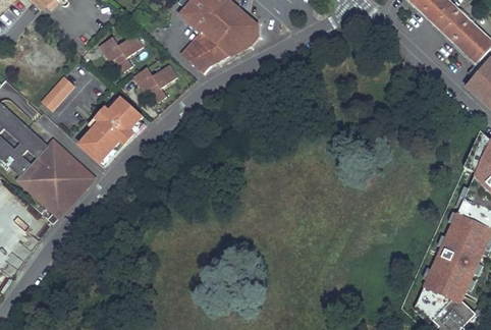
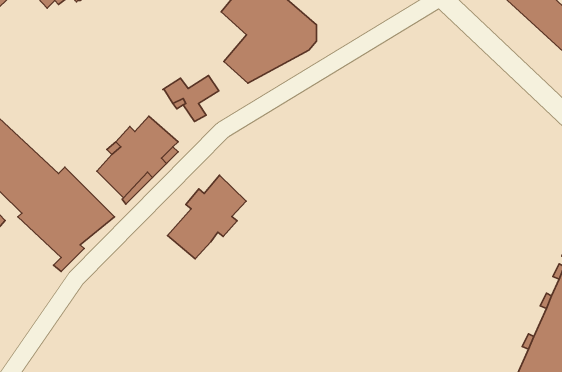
building: [100,34,143,70] -> none
building: [41,75,74,110] -> none
building: none -> [168,175,246,259]

